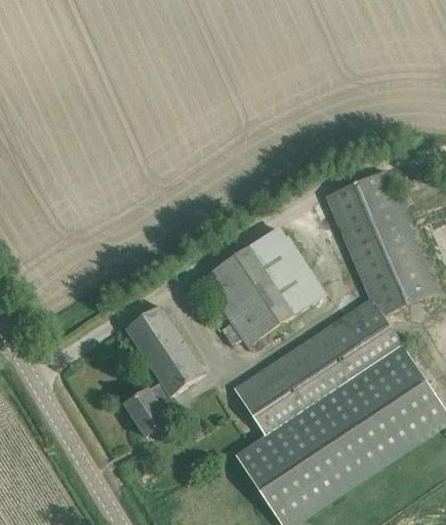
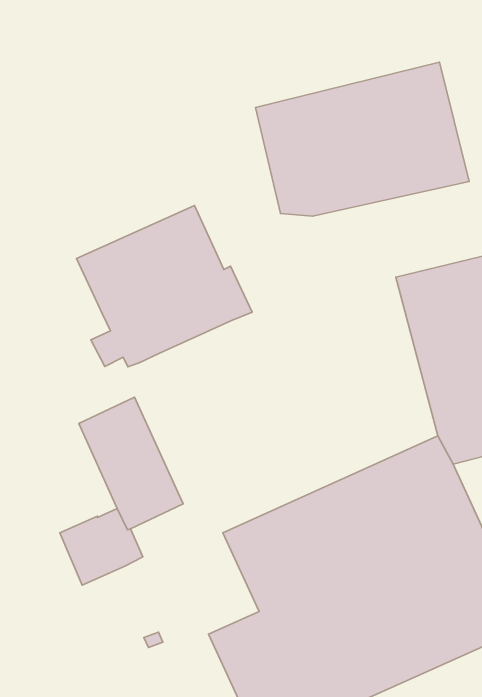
building: none -> [255,62,469,216]
building: [202,229,326,347] -> [76,206,252,367]

